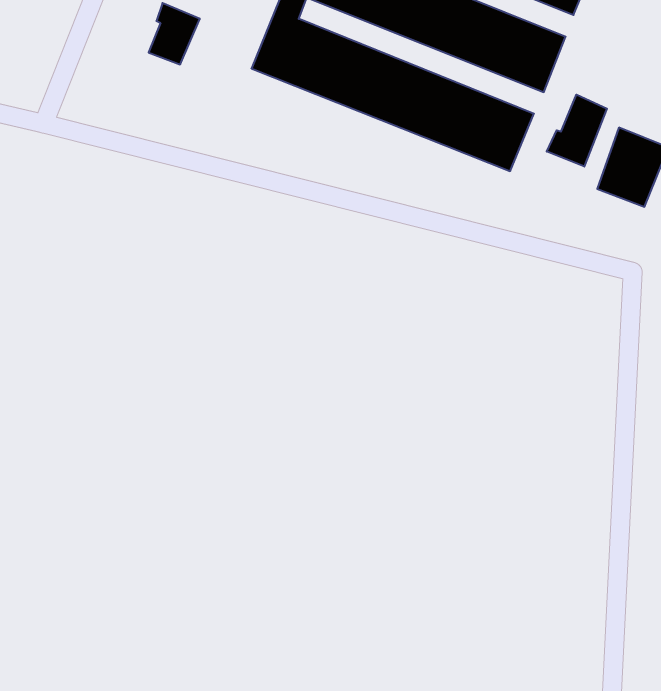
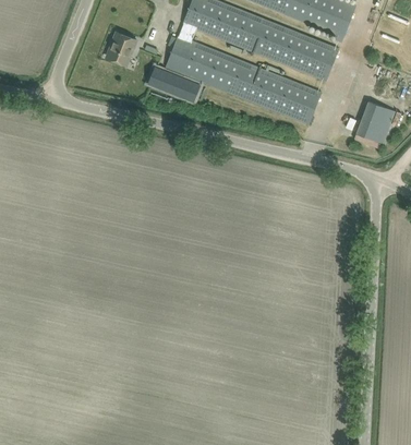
building: none -> [150,67,202,100]
building: [547,95,607,167] -> none

